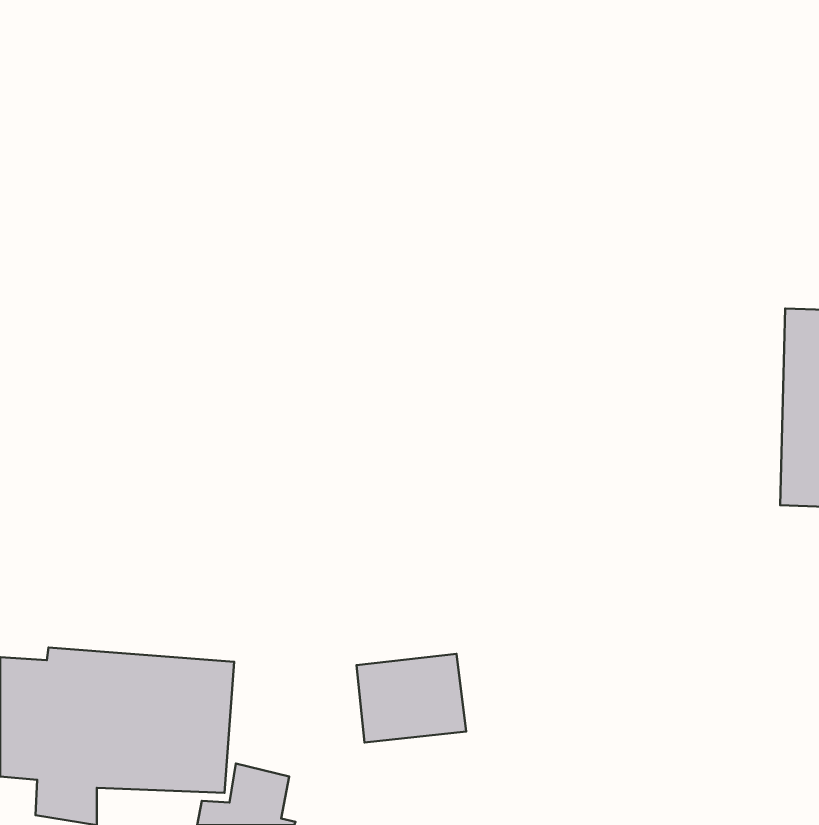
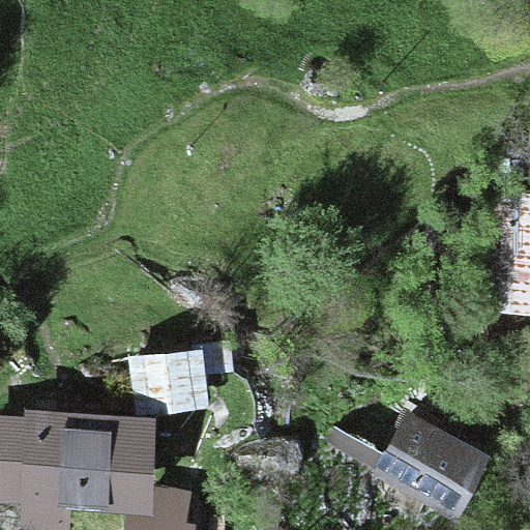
building: none -> [333,418,485,511]
building: [356,654,466,743] -> [139,354,209,411]

